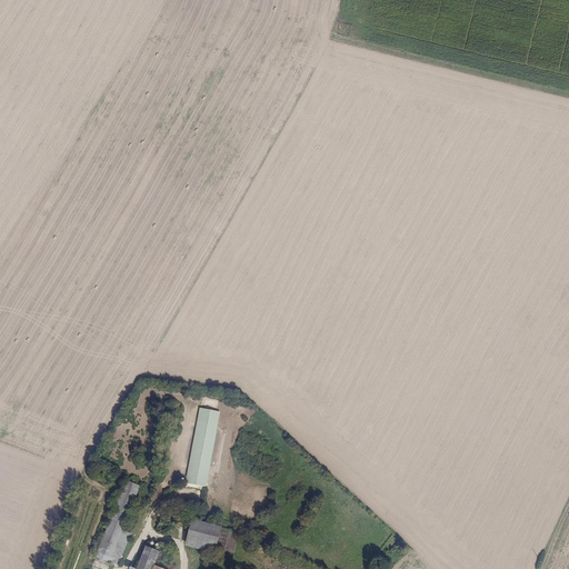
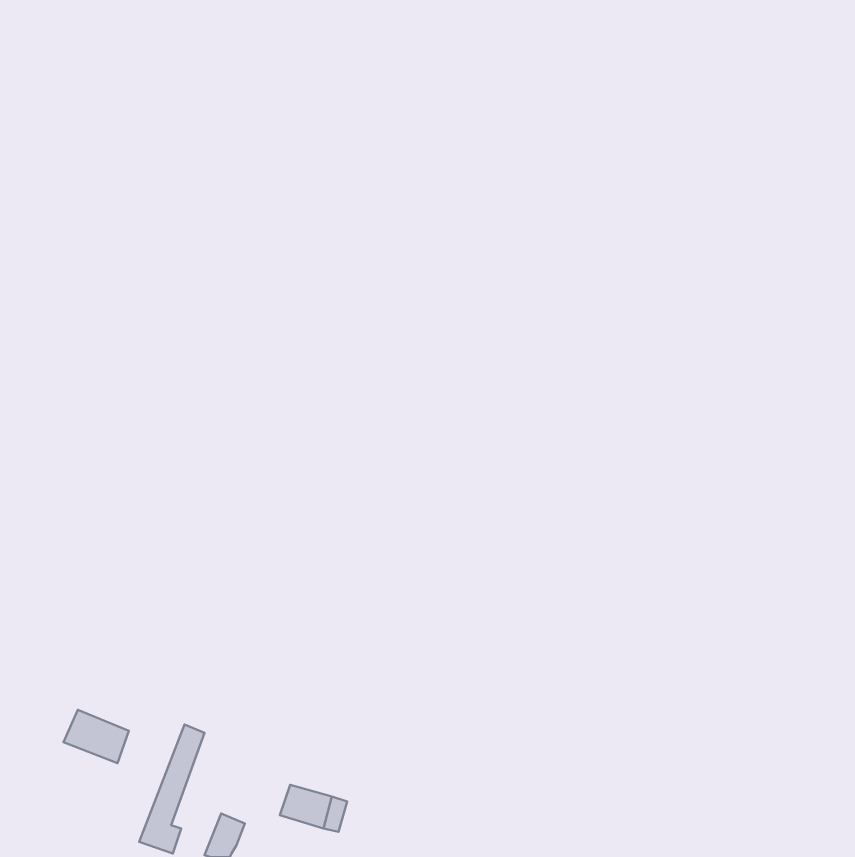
building: [188,408,218,486] -> none
building: none -> [63,710,129,763]

